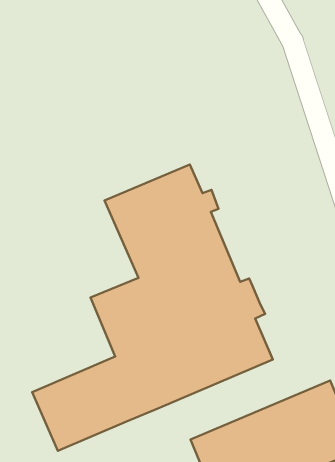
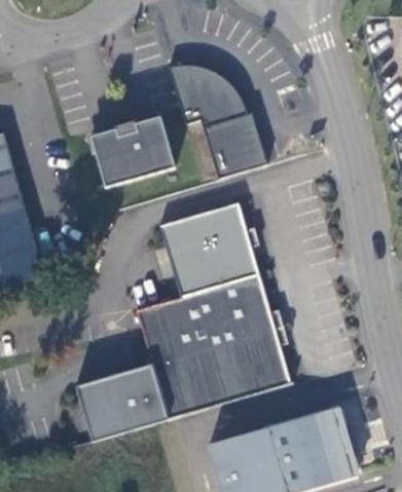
building: none -> [170,64,267,179]
building: none -> [89,115,175,187]

